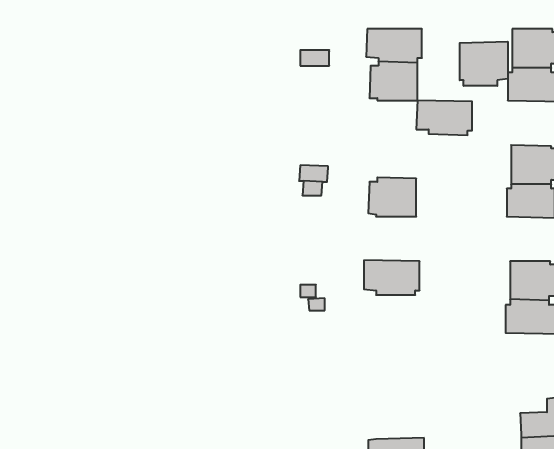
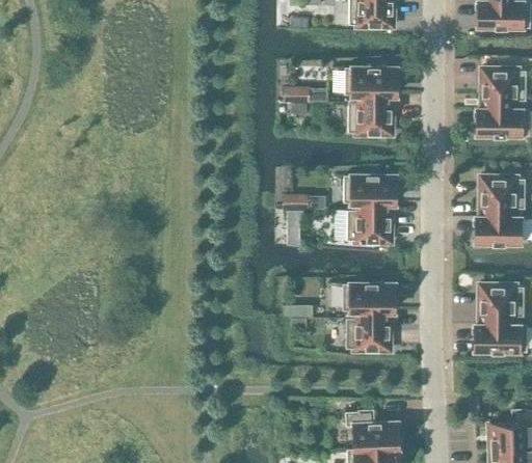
building: [460,42,508,86] -> none
building: [416,100,472,135] -> [345,175,397,208]
building: none -> [347,316,392,351]
building: none -> [347,411,400,450]

